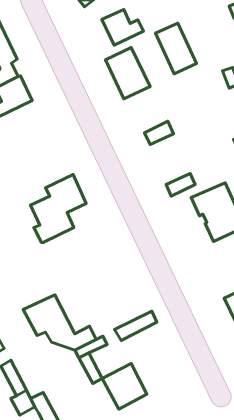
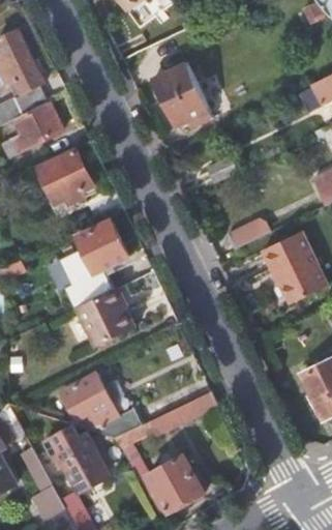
building: [102,10,144,45] -> none
building: [156,23,197,74] -> none
building: none -> [36,145,94,209]
building: none -> [77,287,135,346]
building: none -> [46,426,109,489]

